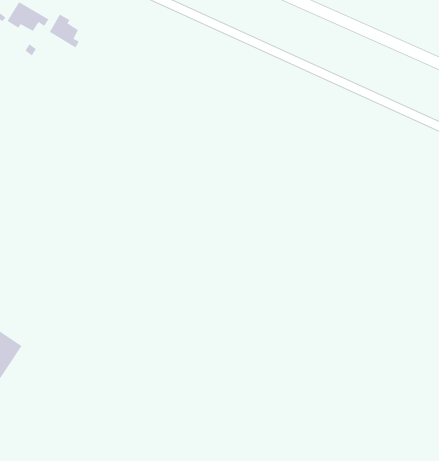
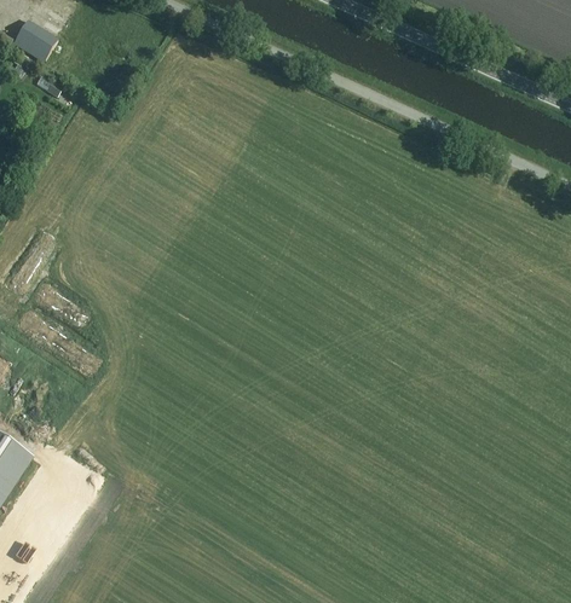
building: [49,13,80,48] -> none

